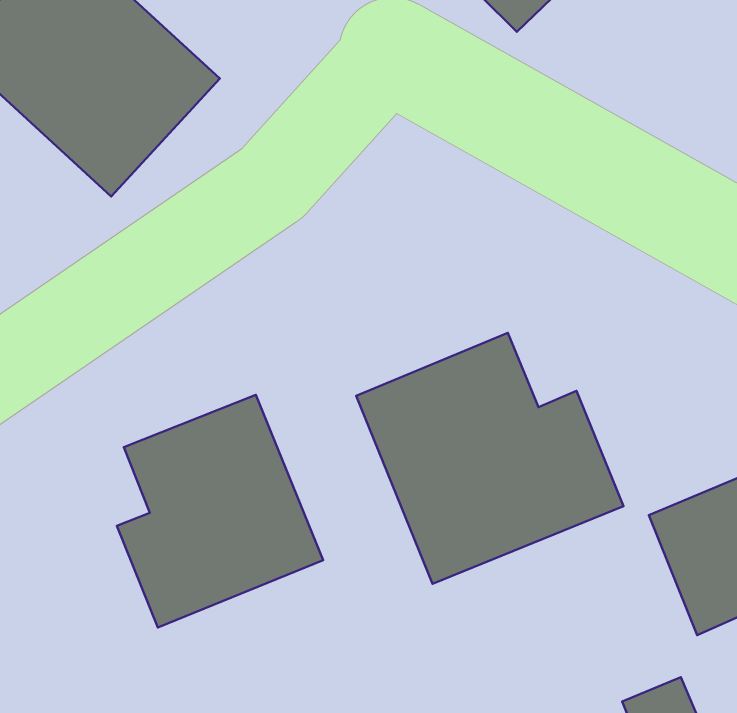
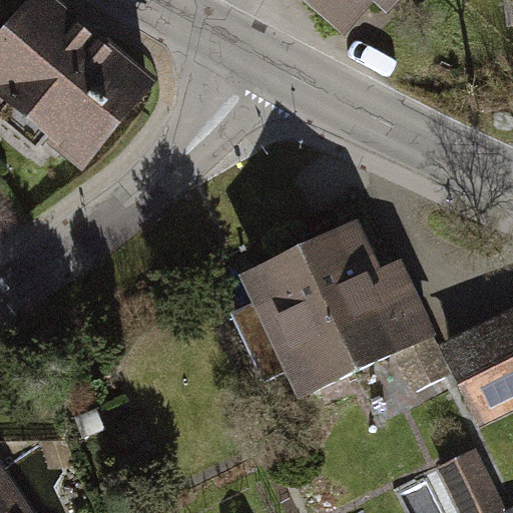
building: [117,395,323,627] -> none

